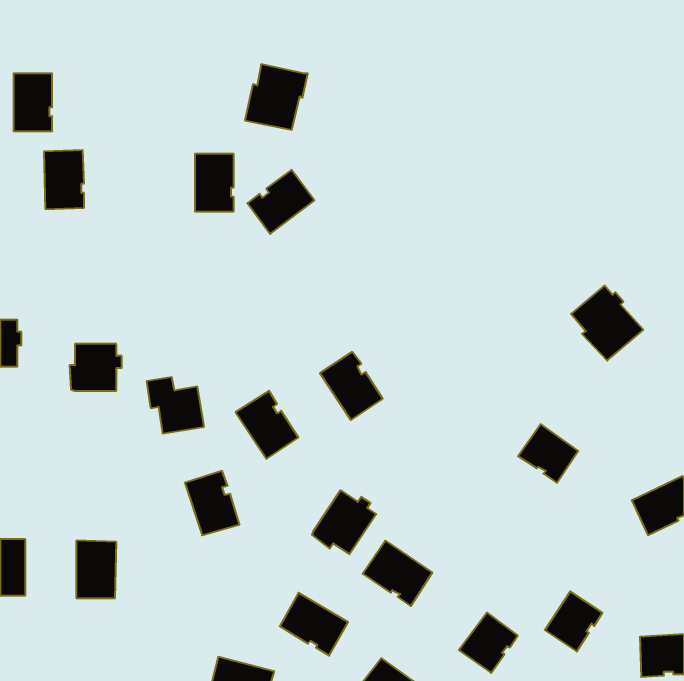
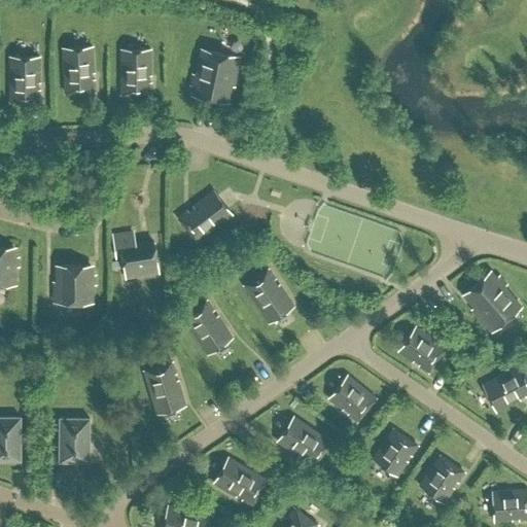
building: [44,150,84,209] -> [63,48,94,94]
building: [195,154,234,211] -> [121,51,151,96]
building: [247,170,314,234] -> [181,192,233,242]
building: [571,286,643,361] -> [466,275,522,332]
building: [147,377,204,433] -> [113,234,157,277]
building: none -> [330,378,378,423]
building: [312,490,376,554] -> none
building: [459,613,518,673] -> [373,431,418,478]

